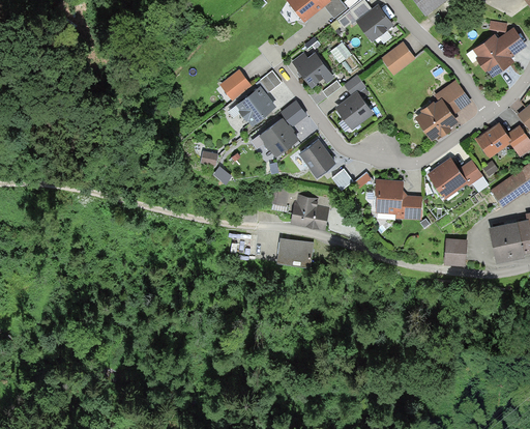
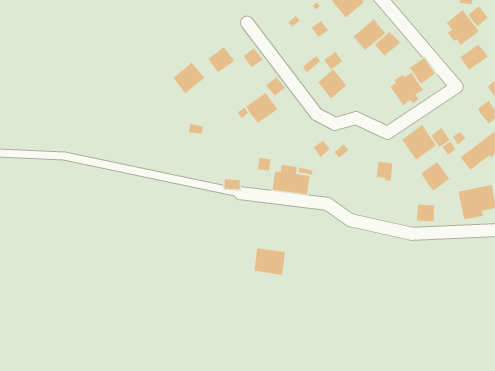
building: none -> [374,30,401,57]
building: [294,55,334,88] -> none
building: [239,89,274,124] -> [172,61,206,95]
building: [480,127,511,156] -> [459,44,488,71]
building: [302,142,334,175] -> none
building: [375,178,401,210] -> none
building: none -> [420,161,450,192]
building: [279,239,314,269] -> [254,248,286,276]

